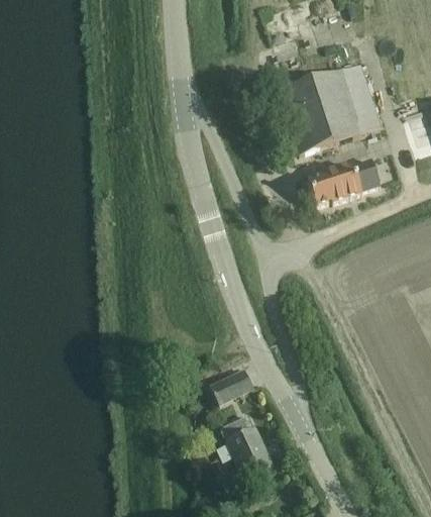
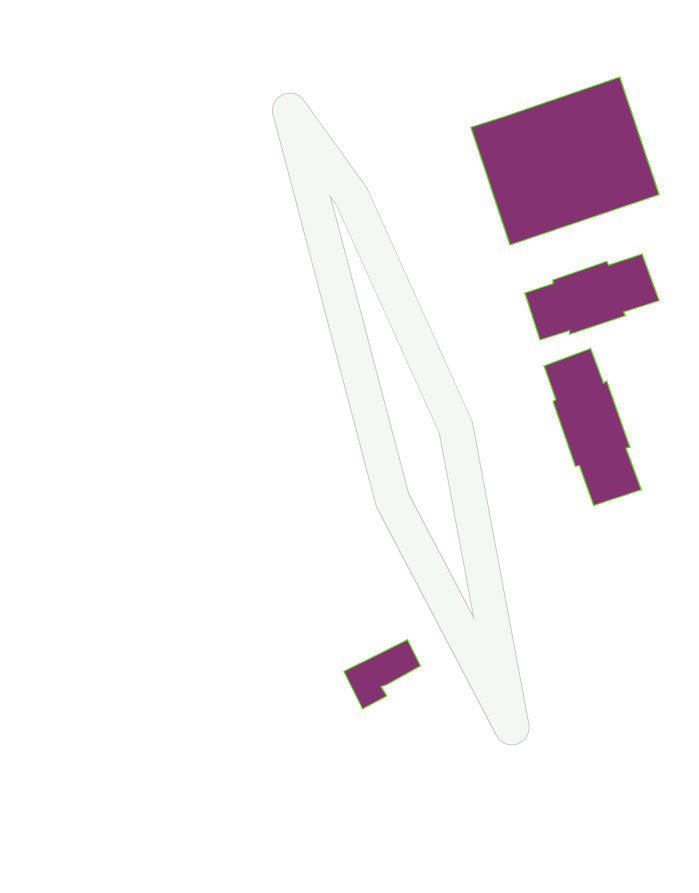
building: none -> [544,348,641,506]
building: [220,415,274,479] -> none

